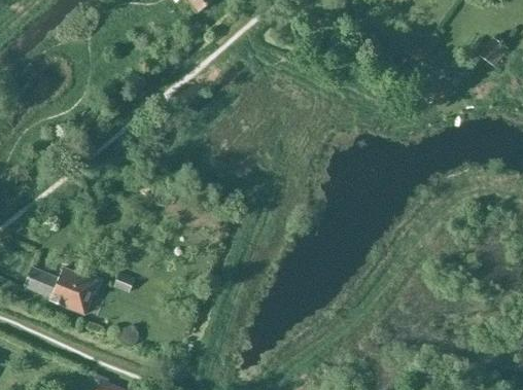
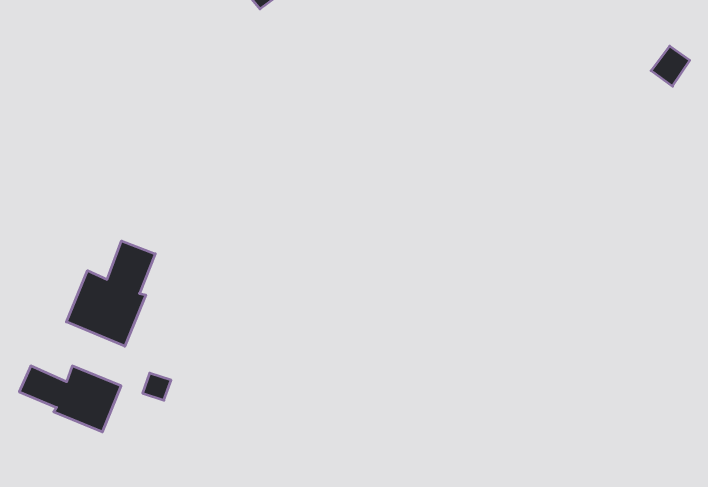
building: none -> [66,241,155,346]

